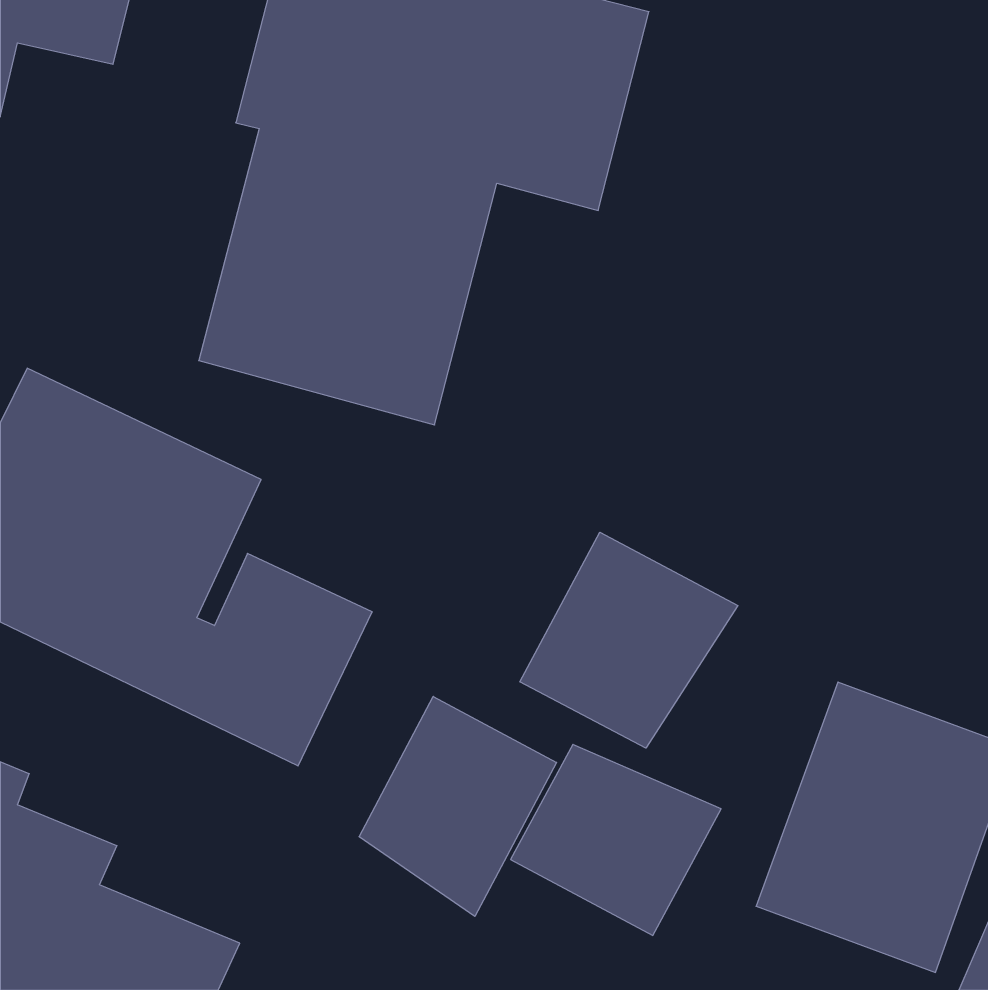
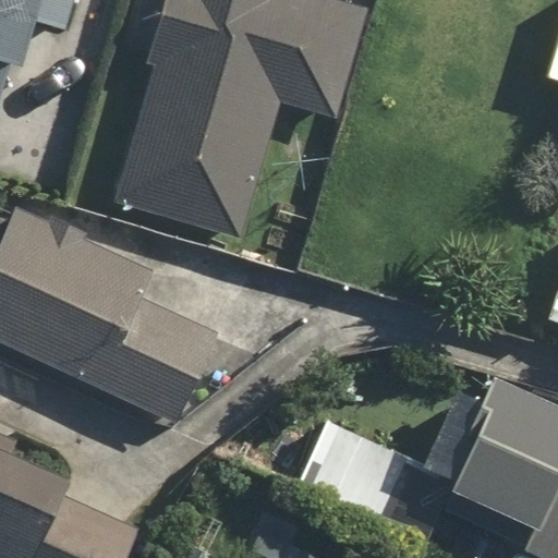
building: [520,532,738,748] -> none
building: [359,696,557,916] -> none

